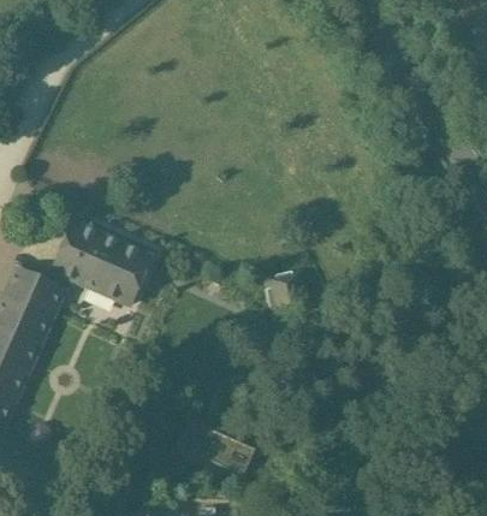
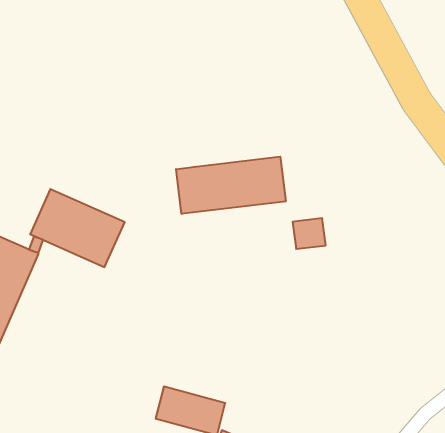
building: none -> [176,157,286,214]
building: [271,275,304,307] -> [293,218,326,249]

